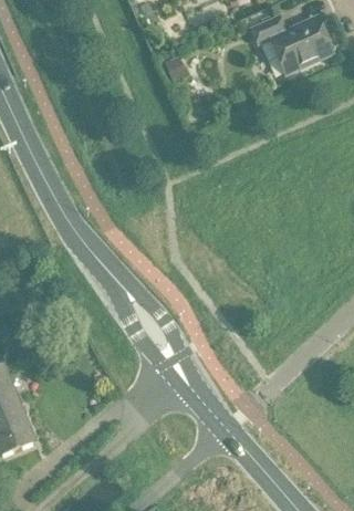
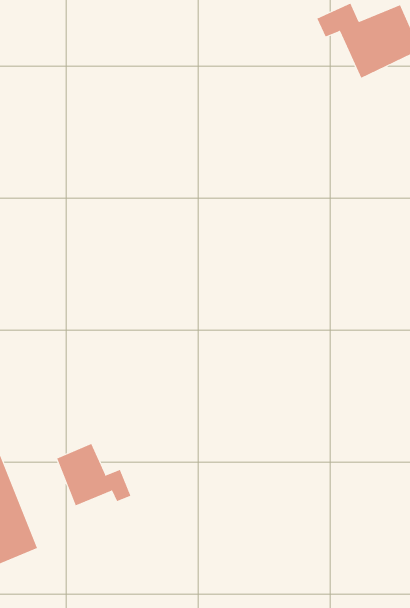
building: none -> [57,443,131,506]

